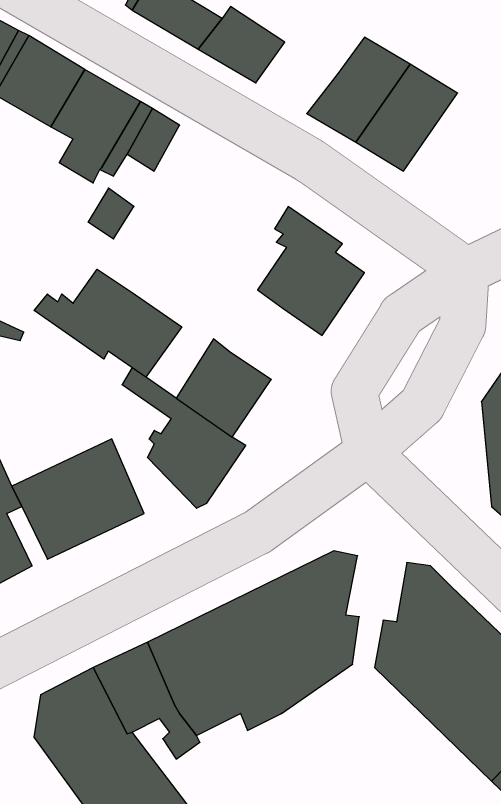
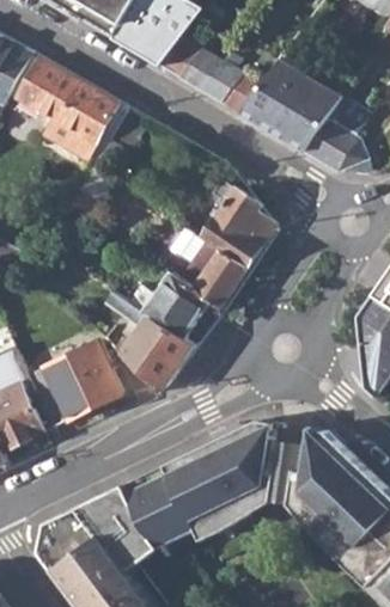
building: none -> [201,50,258,112]
building: none -> [305,97,368,172]
building: [34,269,182,377] -> none
building: none -> [183,250,248,306]

